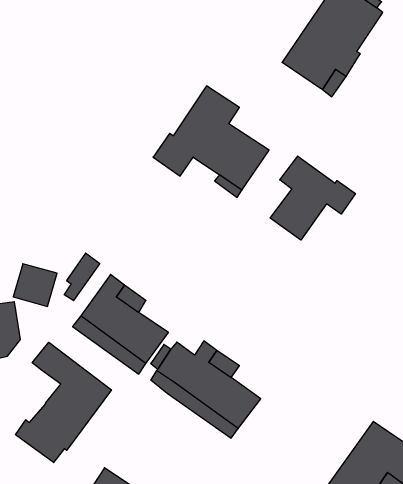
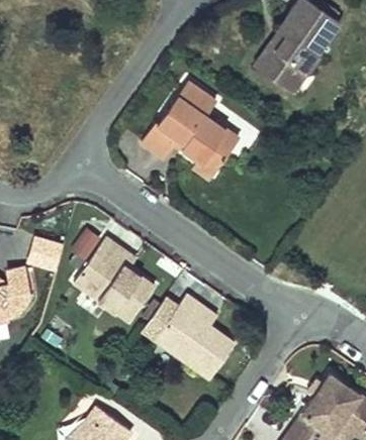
building: [270,156,355,240] -> none
building: [15,342,111,463] -> none

